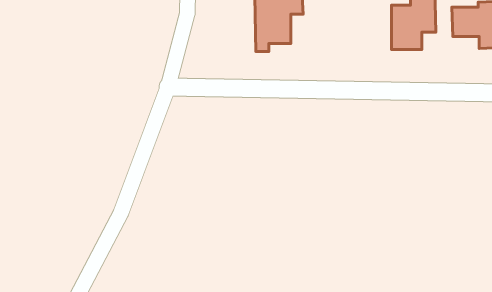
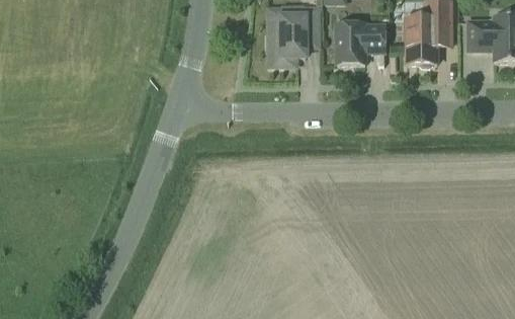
building: none -> [335,23,384,64]

